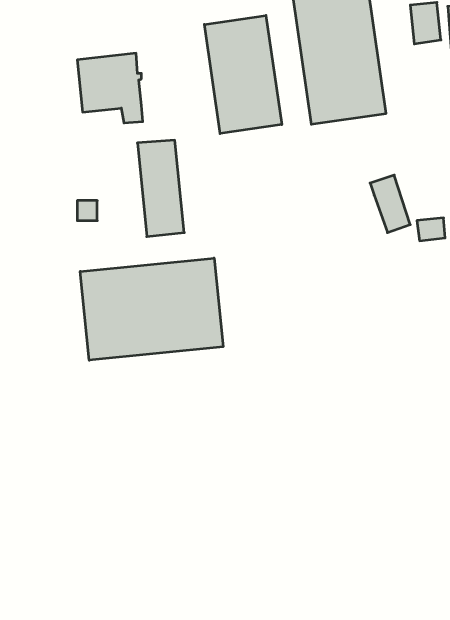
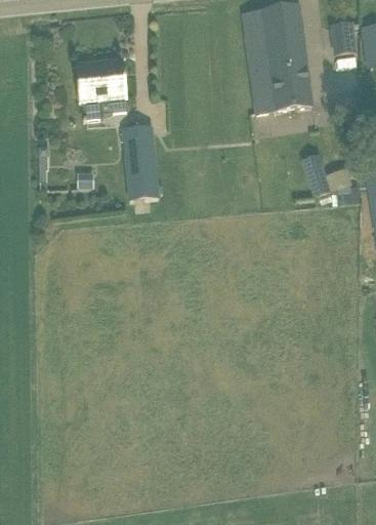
building: [204,15,282,134] -> none
building: [80,258,223,360] -> none

